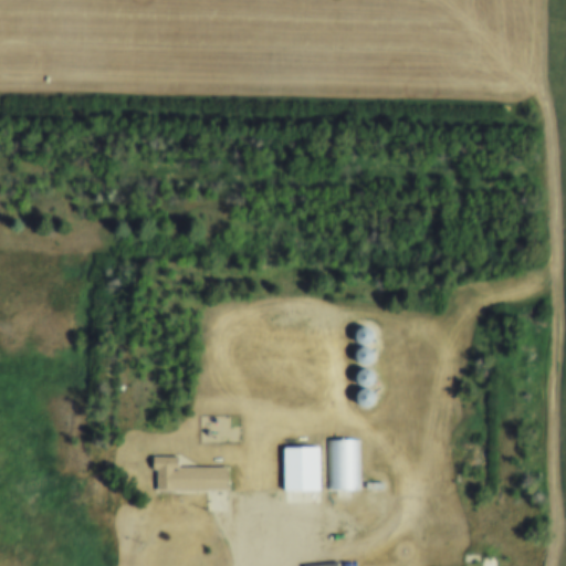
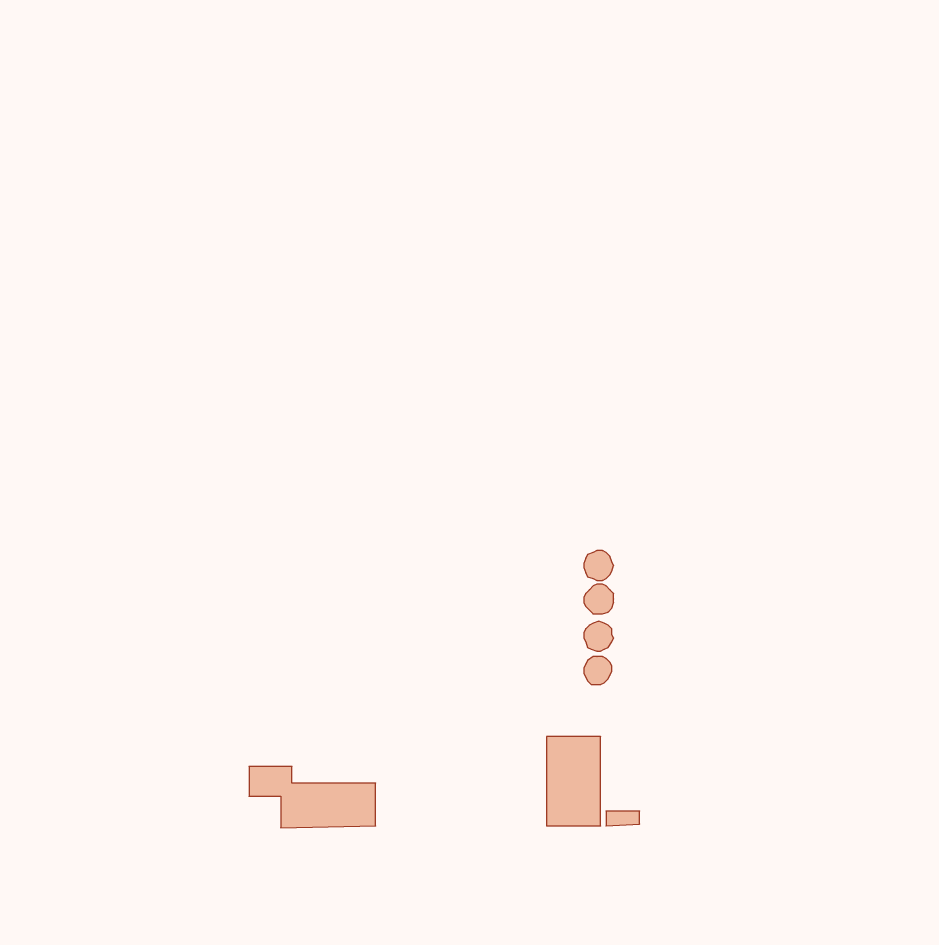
building: [283,447,318,491] -> none

